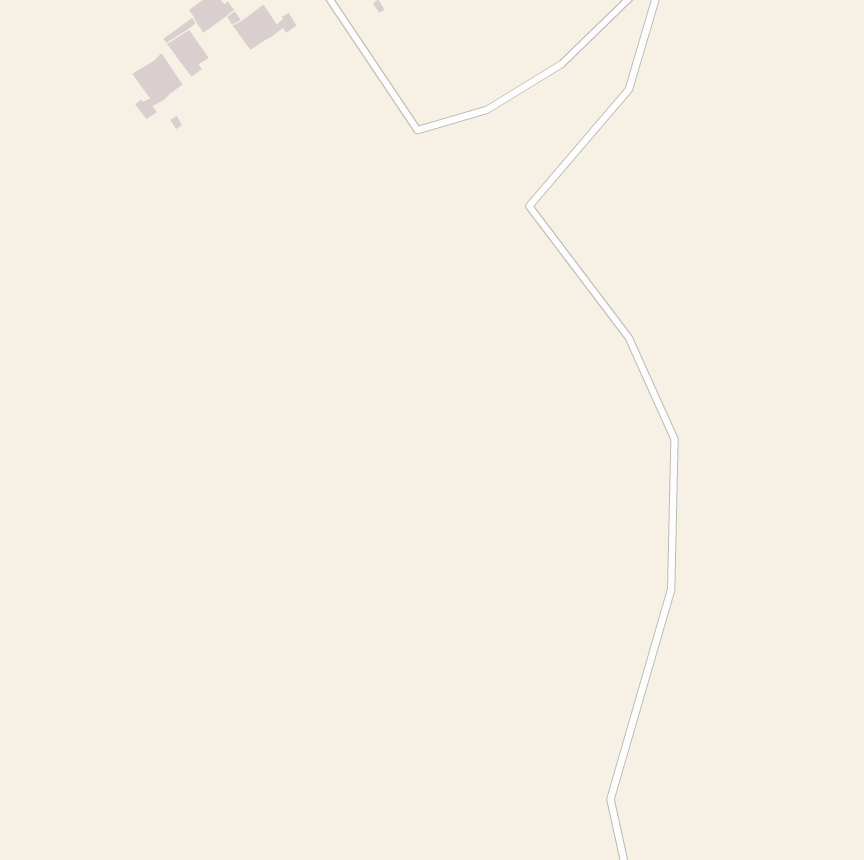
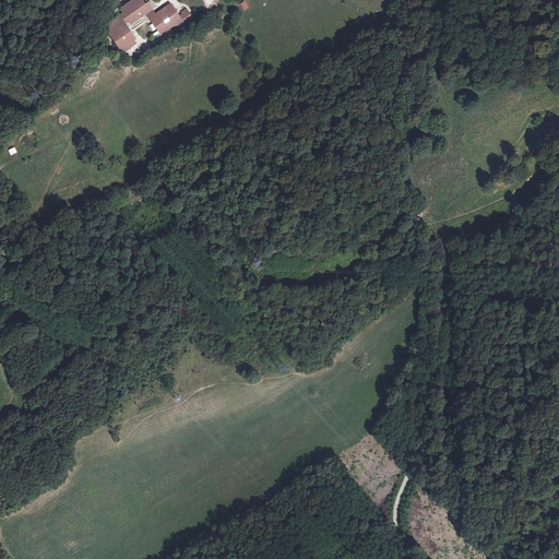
building: [131,52,184,120] -> none

